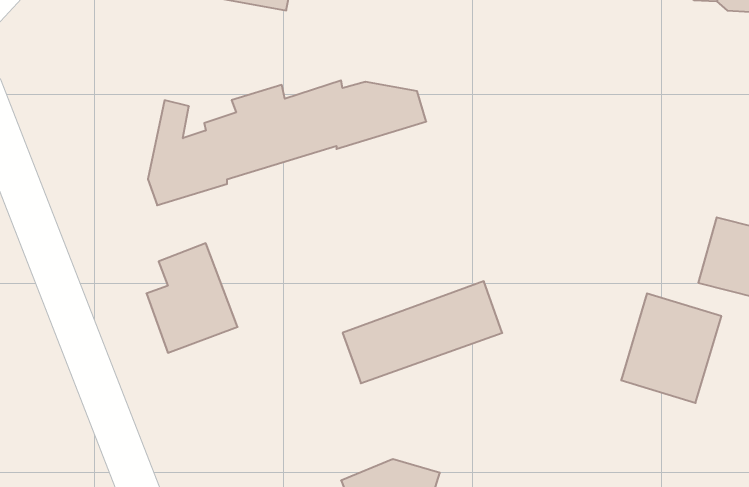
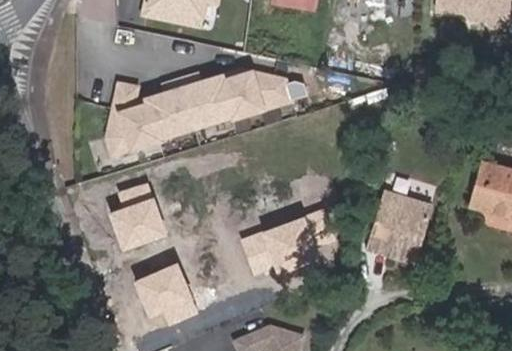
building: [621,293,721,403] -> [368,189,434,261]
building: none -> [133,263,199,326]

